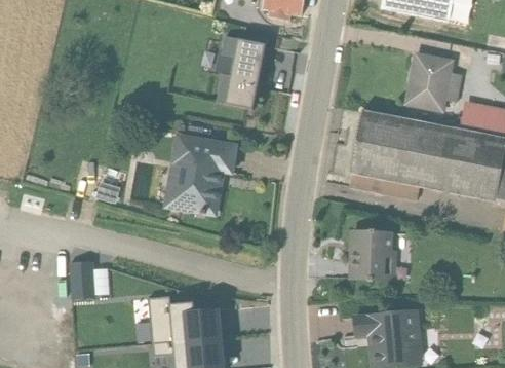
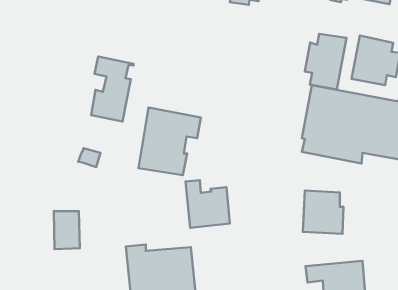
building: [218,35,266,109] -> [91,57,133,122]
building: none -> [305,34,346,90]
building: none -> [186,180,230,228]

